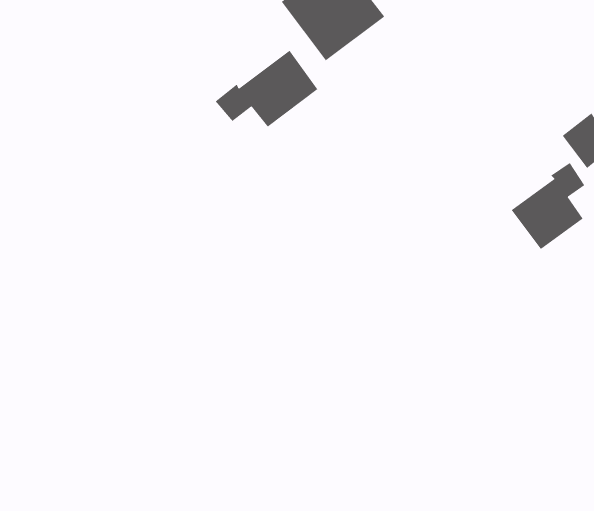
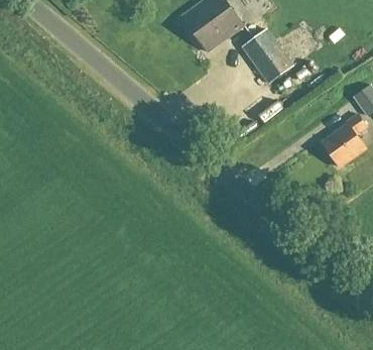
building: none -> [243,29,293,83]
building: [215,50,318,128] -> none

